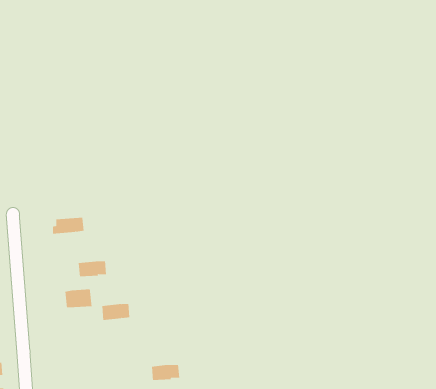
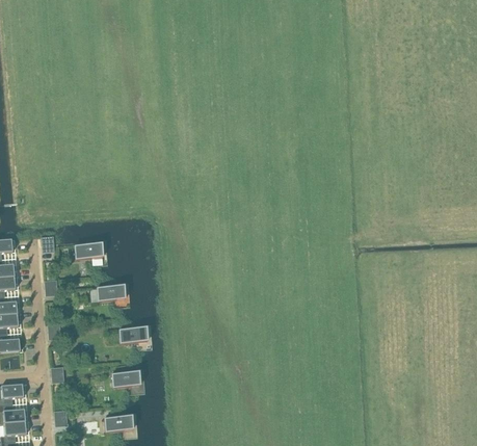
building: [65,288,92,308] -> none
building: [151,364,180,380] -> [113,371,141,387]

